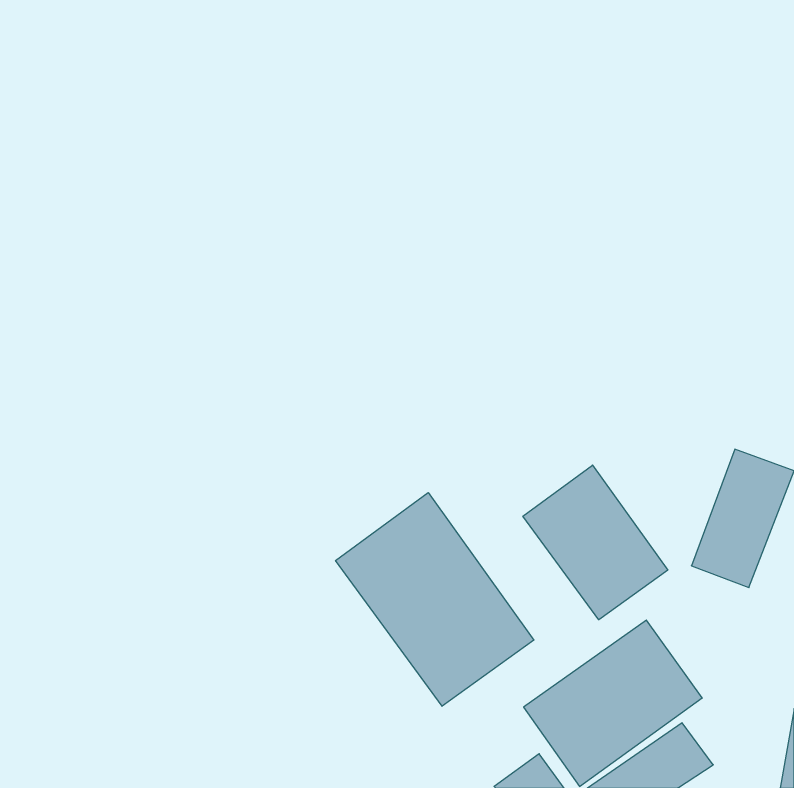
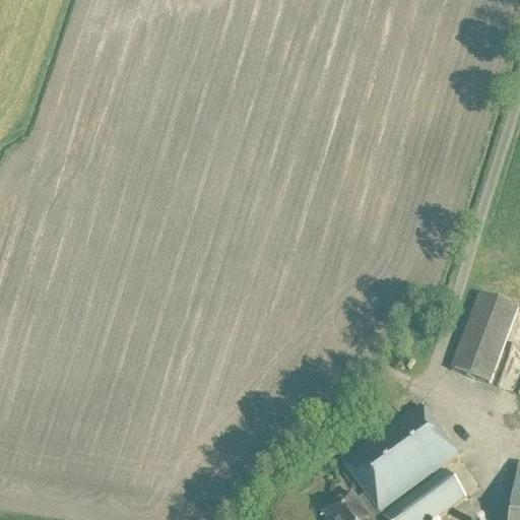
building: [523,465,668,620] -> none
building: [336,493,534,706] -> none

